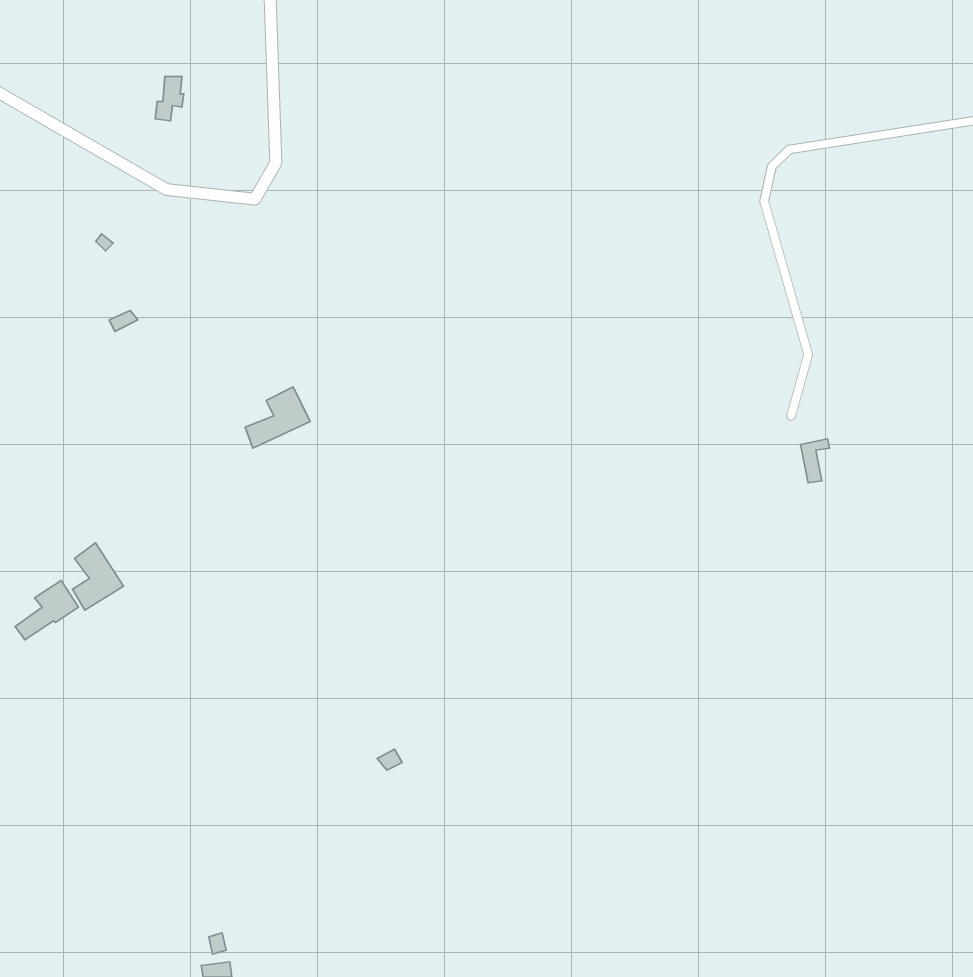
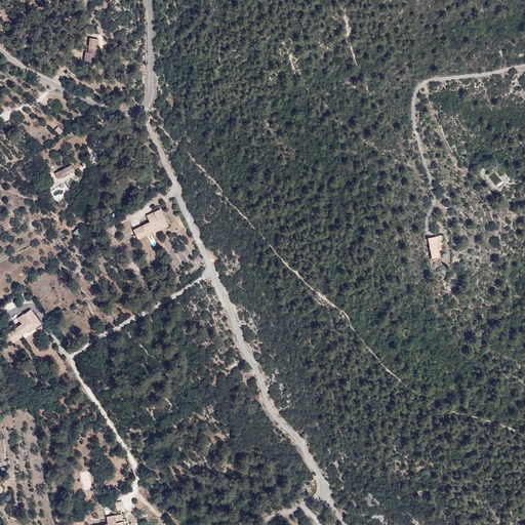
building: [72,543,124,610] -> none

